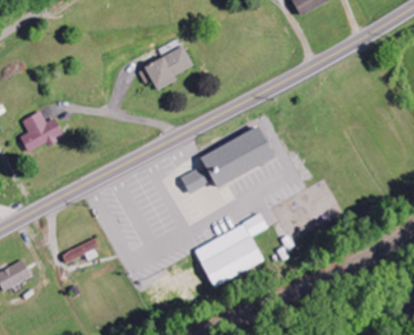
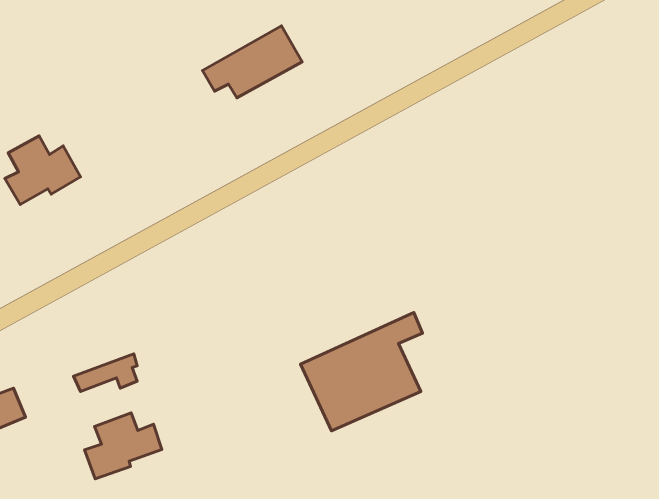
building: [182,126,279,192] -> none
building: none -> [84,413,162,479]

